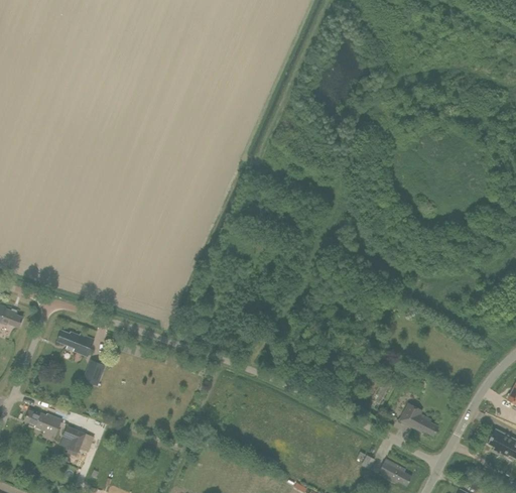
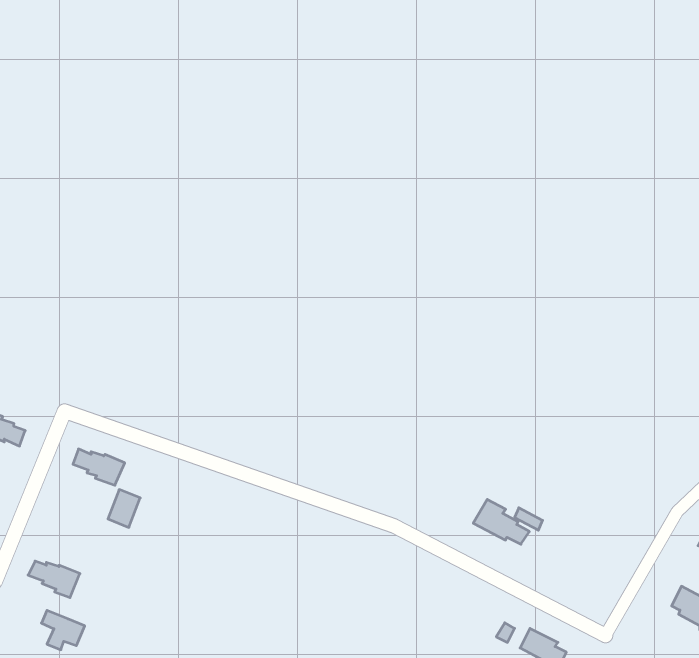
building: [398,403,438,436] -> [473,499,529,544]
building: [62,426,94,455] -> [41,610,85,650]

